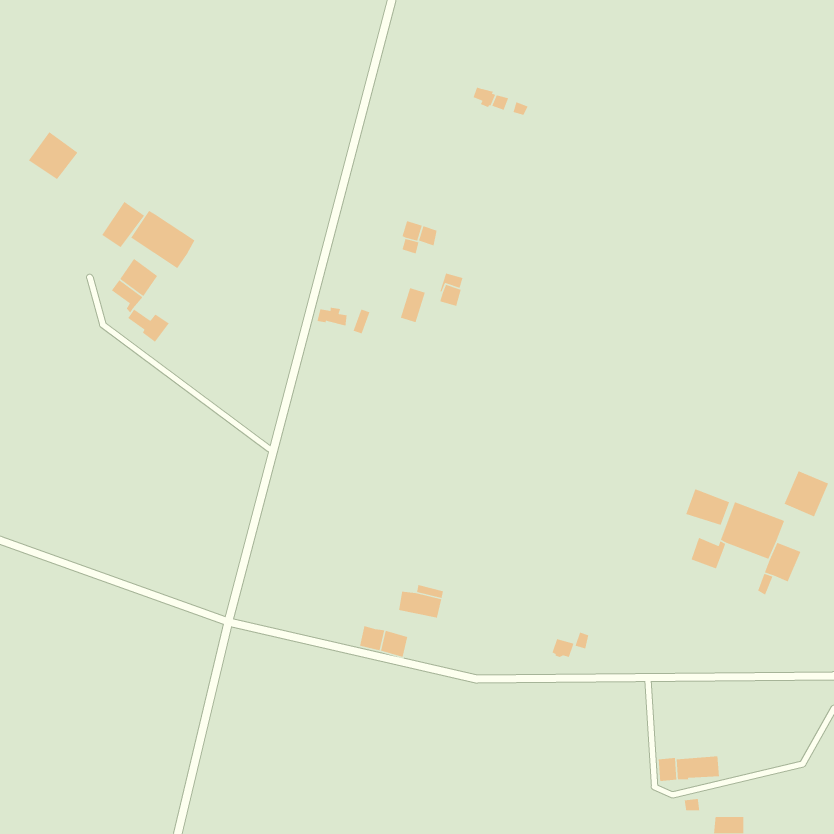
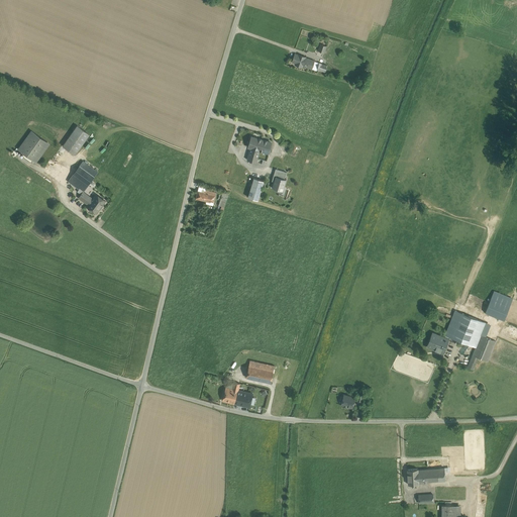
building: [28,131,78,180] -> [18,130,49,161]
building: [130,210,196,269] -> none
building: [685,488,730,526] -> none

